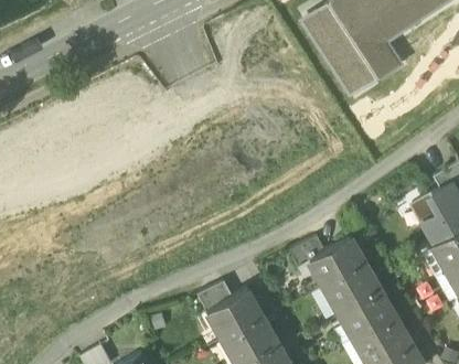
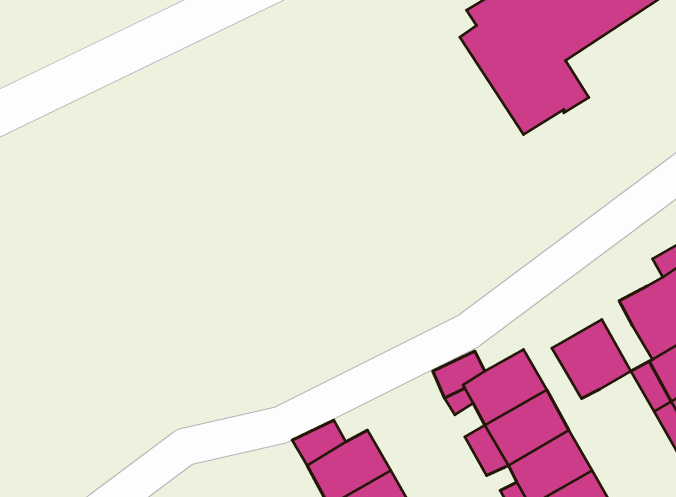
building: none -> [552,319,631,398]

